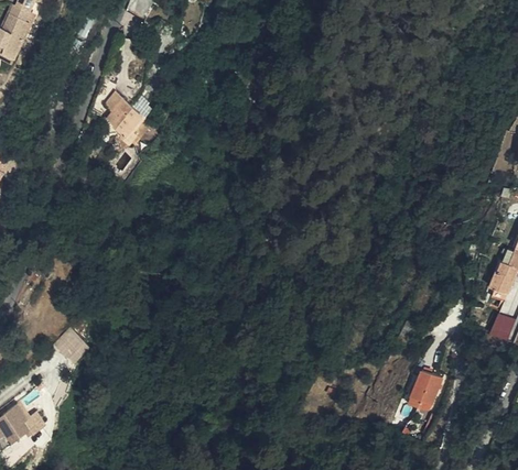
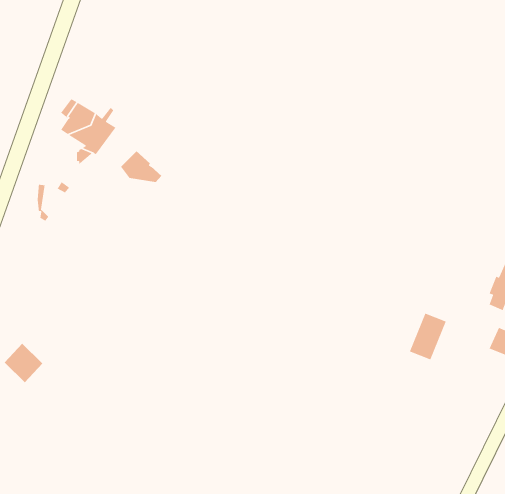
building: none -> [120,150,162,183]
building: [410,364,444,407] -> [409,313,447,360]

